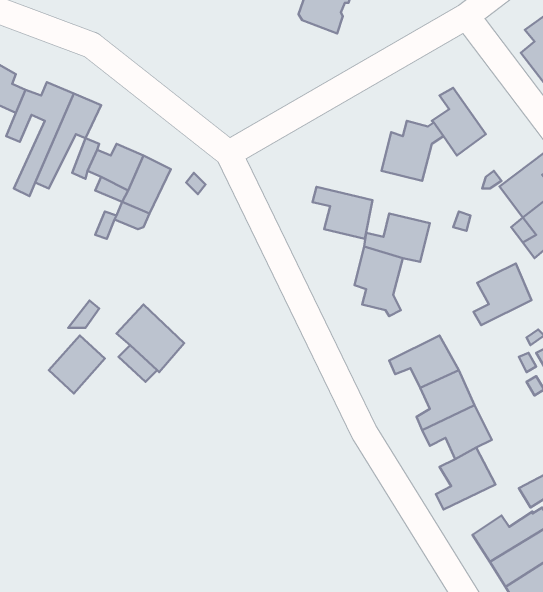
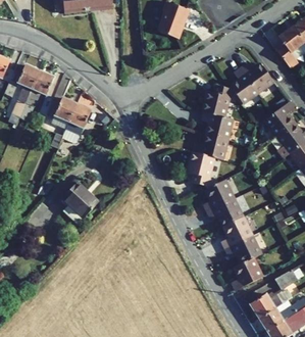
building: none -> [241,62,273,92]
building: [313,187,373,239] -> [201,111,233,139]
building: [473,263,531,325] -> [203,179,234,211]

